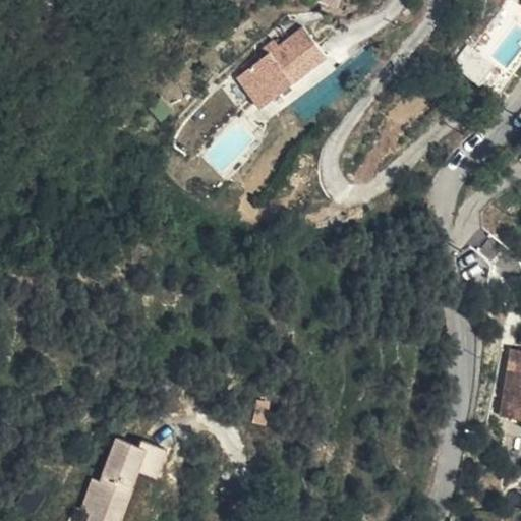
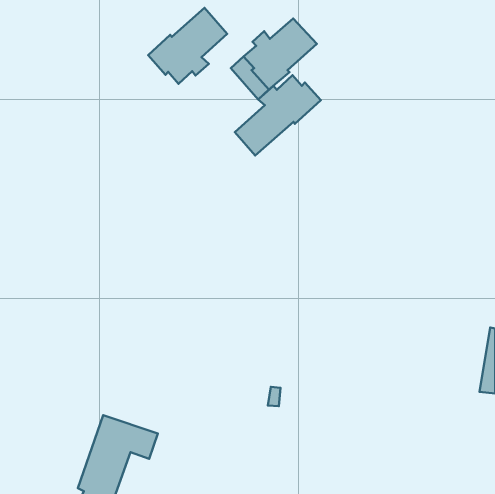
building: none -> [148,8,227,84]
building: none -> [235,75,321,156]

